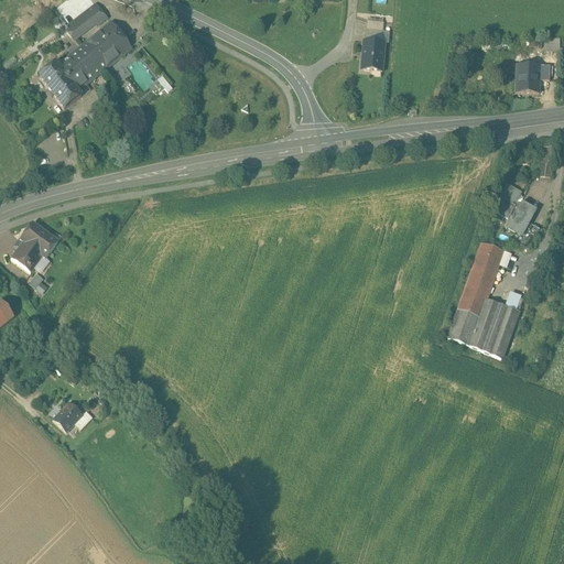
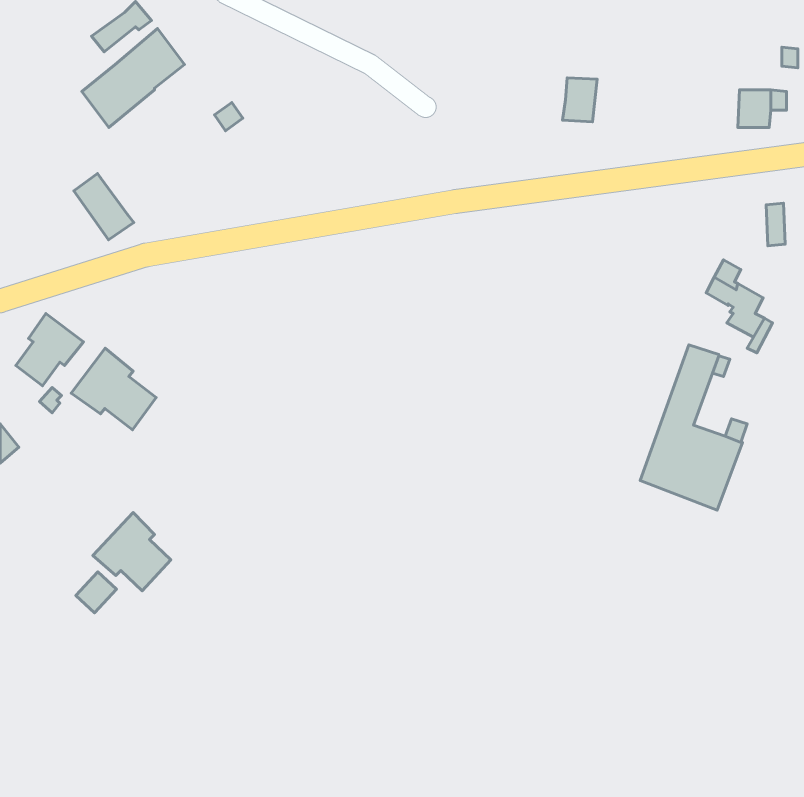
building: [361,37,386,68] -> [562,78,597,122]
building: [40,61,82,107] -> [74,174,134,240]
building: none -> [71,348,156,430]
building: none -> [93,512,171,591]

